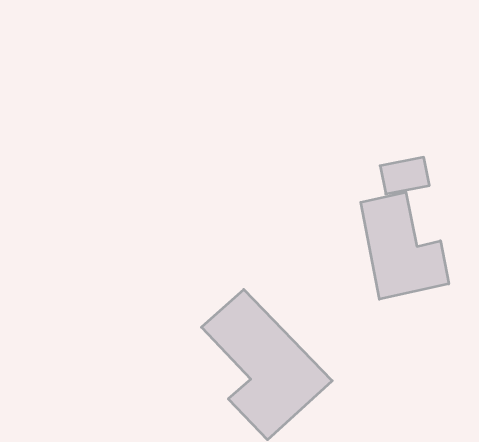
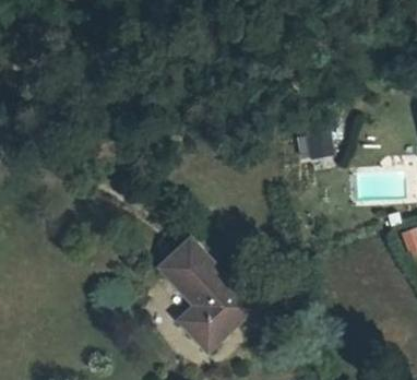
building: [361,192,449,299] -> none

